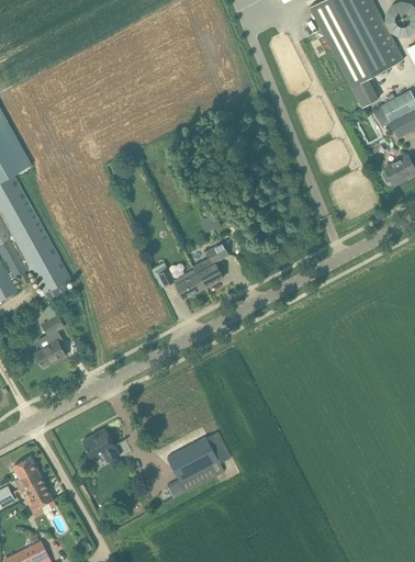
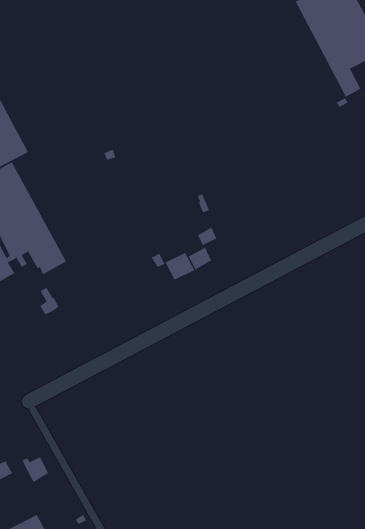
building: [34,329,64,368] -> none
building: [81,427,119,461] -> none
building: [166,436,225,498] -> none
building: [12,456,43,486] -> none

